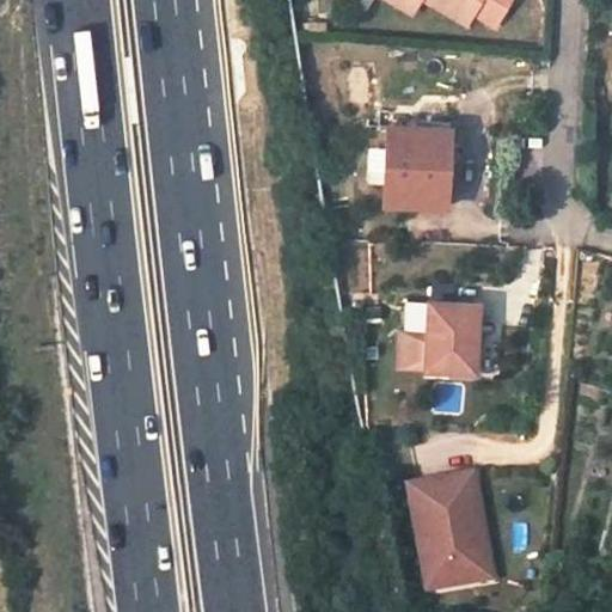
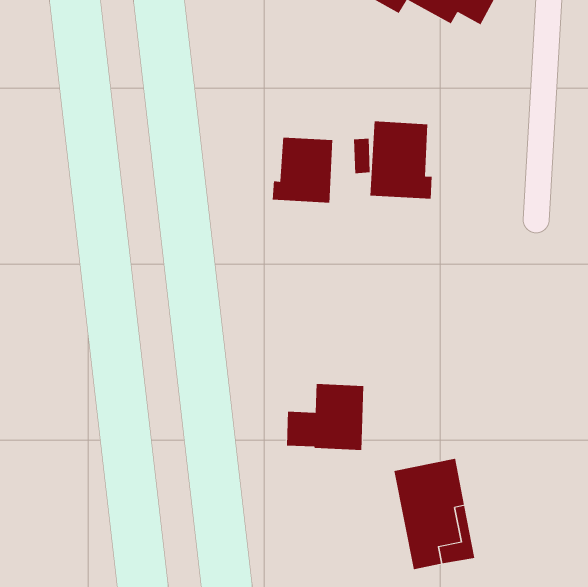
building: none -> [272,137,333,203]
building: [400,305,482,374] -> [286,384,364,450]

